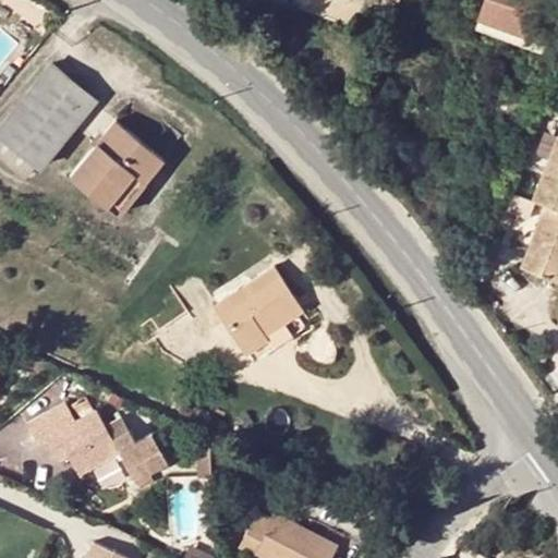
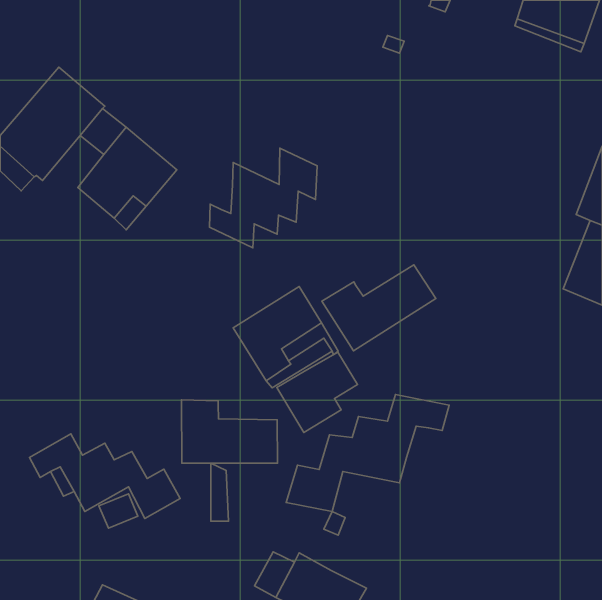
building: none -> [210,148,317,248]
building: none -> [322,265,436,351]
building: none -> [277,352,357,432]
building: none -> [286,394,449,512]
building: none -> [182,400,277,463]

